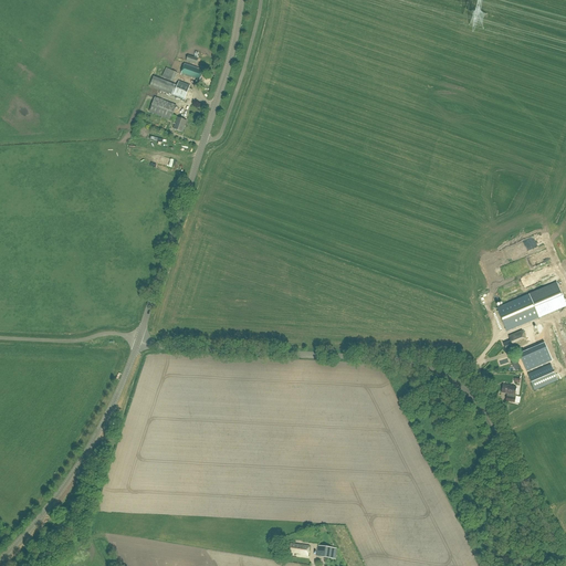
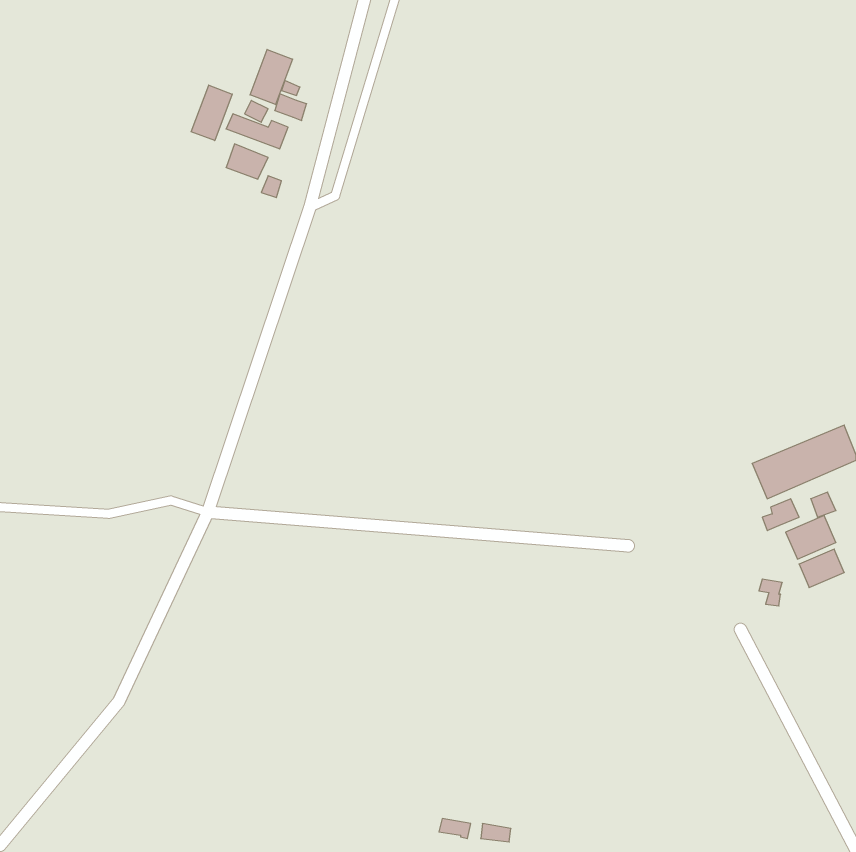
building: none -> [250,49,293,105]
building: none -> [191,85,232,141]

